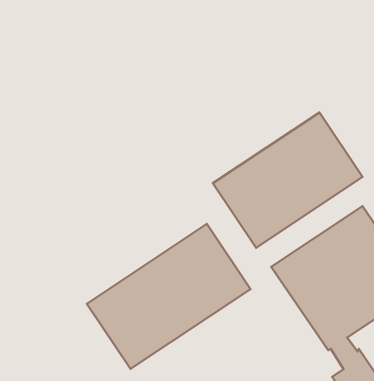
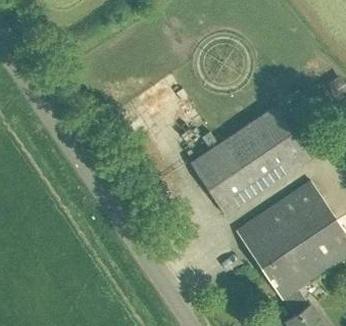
building: [87,224,250,369] -> none

